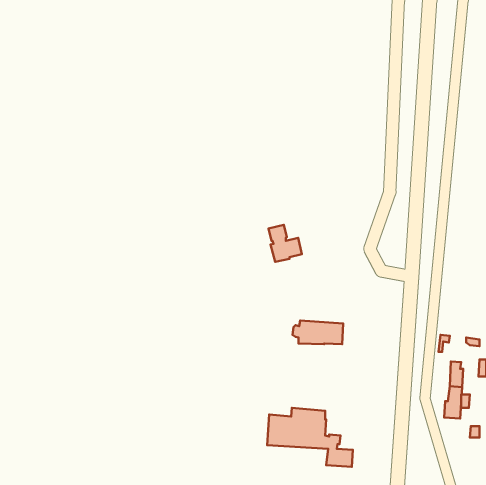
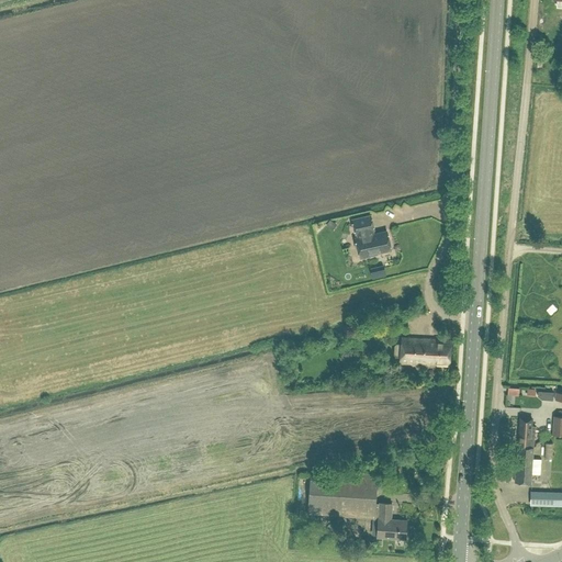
building: [269,225,302,262] -> [353,216,392,259]
building: [293,321,343,344] -> [393,338,451,366]

